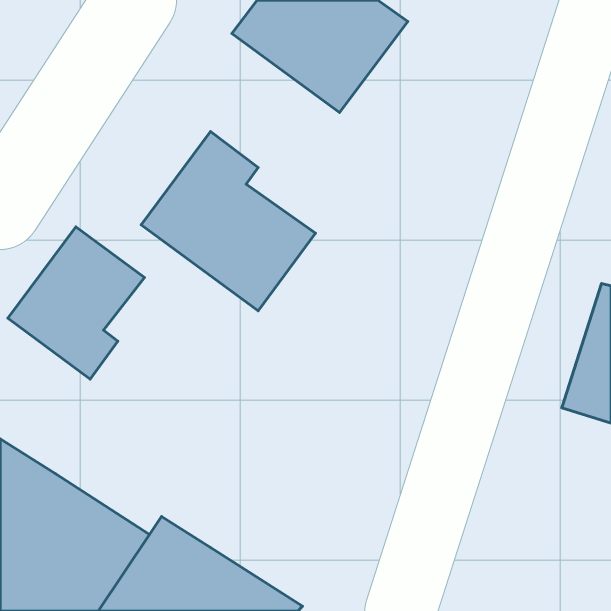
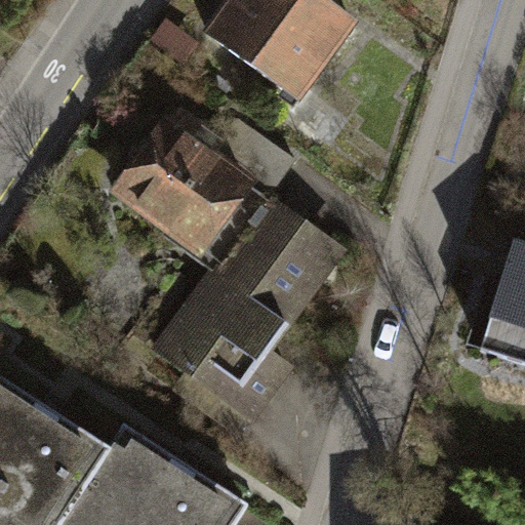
building: [8,227,144,379] -> none
building: none -> [161,200,341,417]

